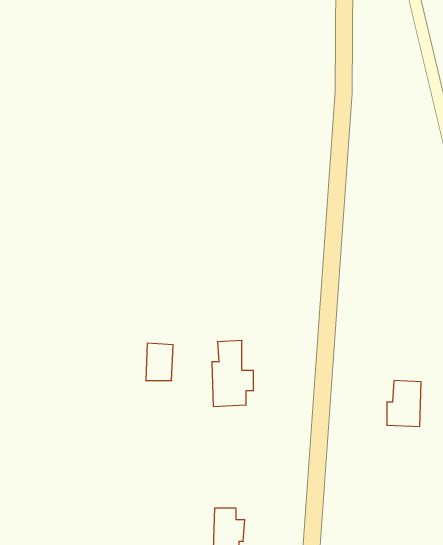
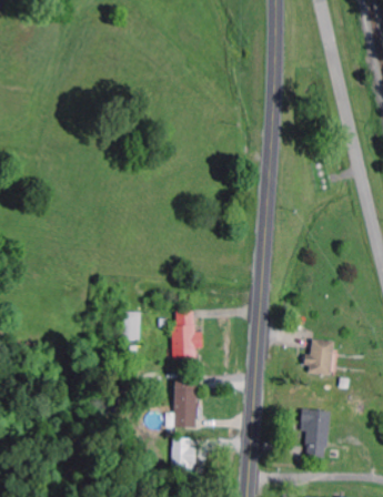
building: none -> [174,383,198,424]
building: none -> [301,410,330,456]

